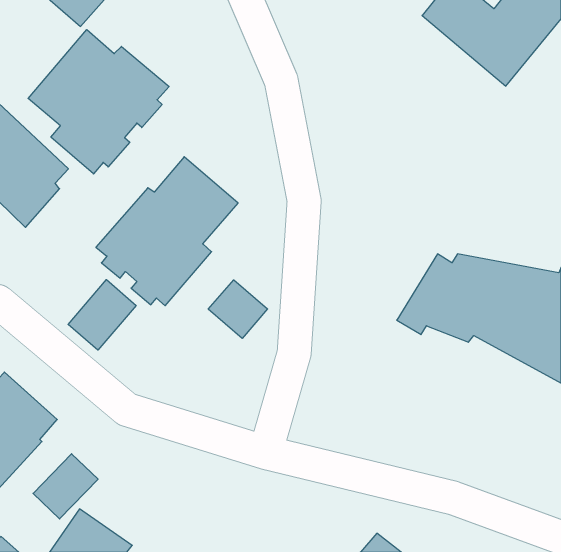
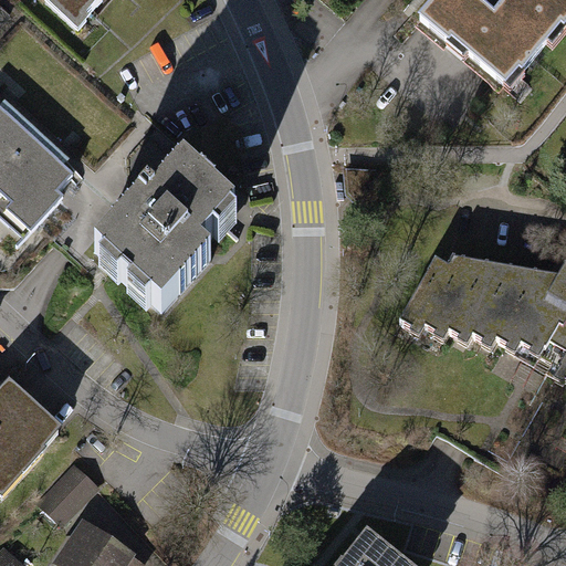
building: [28,30,169,174] -> none
building: [68,280,136,350] -> none
building: [208,280,268,338] -> none

